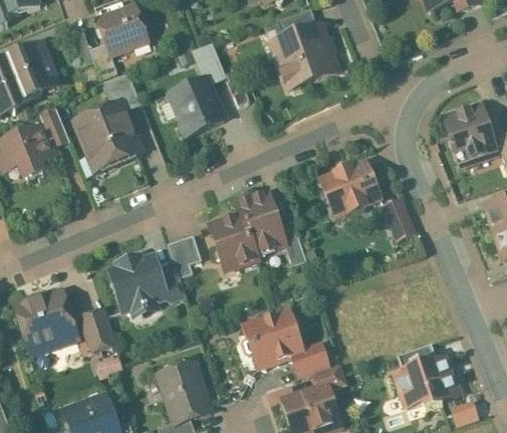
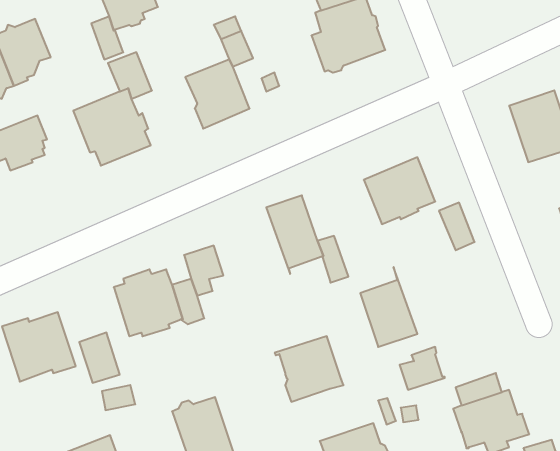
building: [39,107,67,145] -> none
building: [209,202,257,269] -> [360,267,417,347]
building: [290,340,328,376] -> [400,347,445,390]

